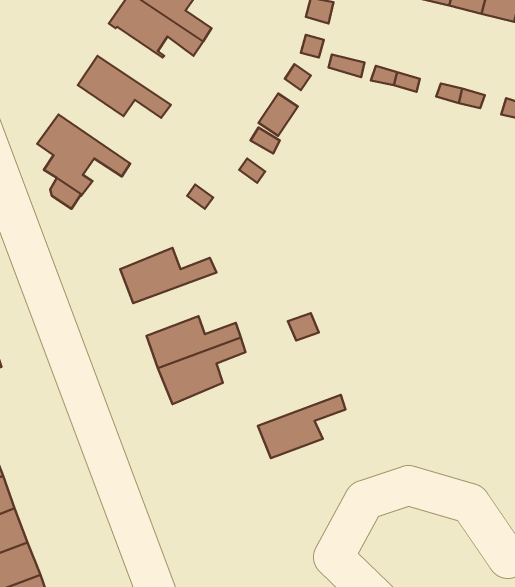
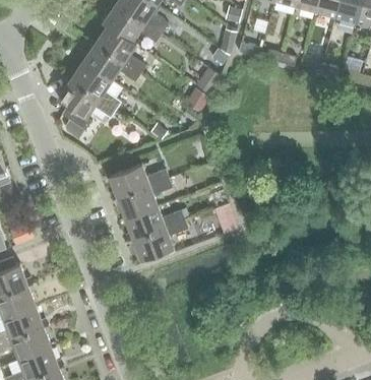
building: none -> [95,25,145,74]
building: none -> [70,62,121,111]
building: [258,395,346,458] -> [117,179,172,218]

